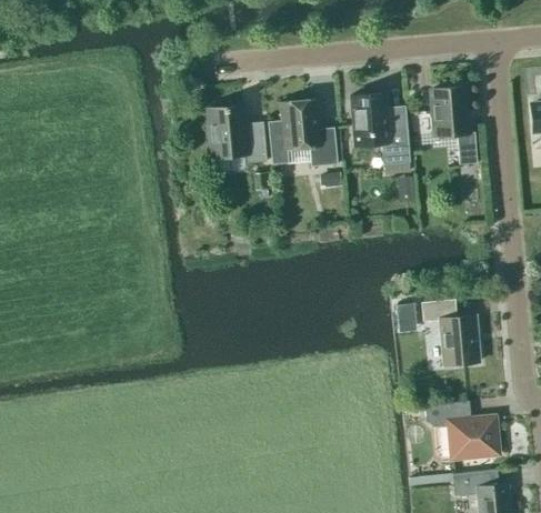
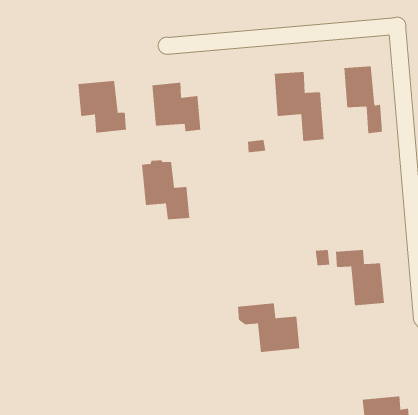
building: [281,98,338,168] -> [141,160,190,220]
building: none -> [78,80,127,134]
building: [425,402,499,460] -> [237,303,300,352]

